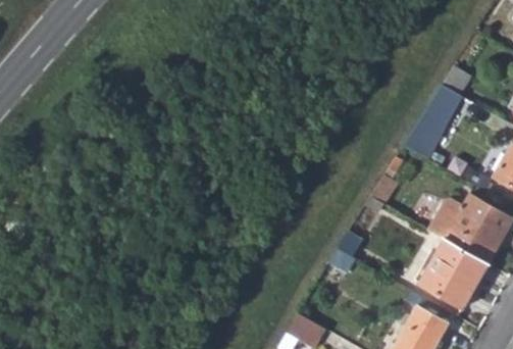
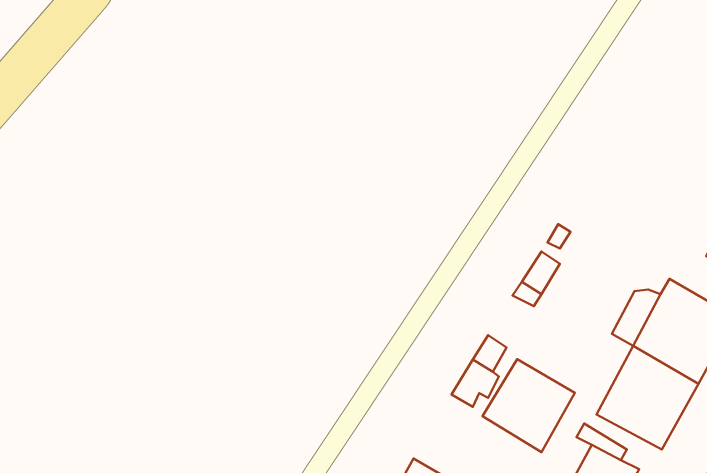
building: [403,83,462,159] -> none
building: none -> [482,359,575,452]

